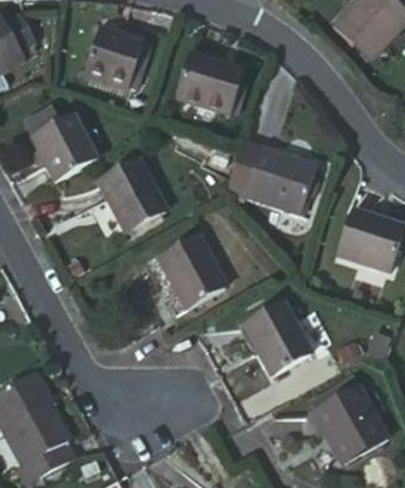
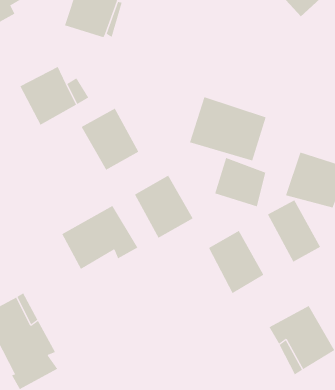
building: [176,52,243,114] -> none
building: none -> [215,157,266,207]
building: none -> [267,200,321,263]
building: none -> [62,205,138,270]

